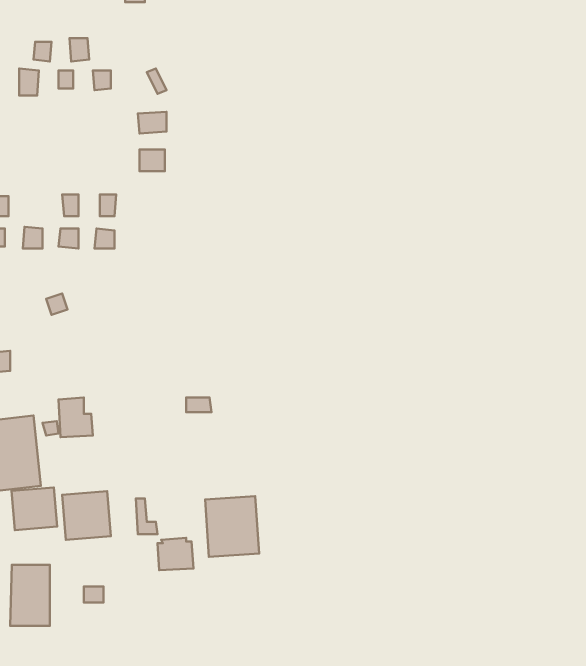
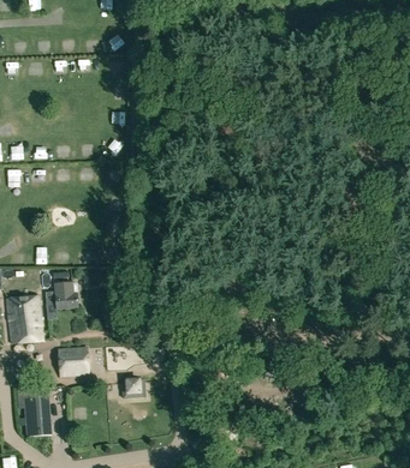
building: [12,487,57,530] -> none
building: [205,496,259,557] -> none

